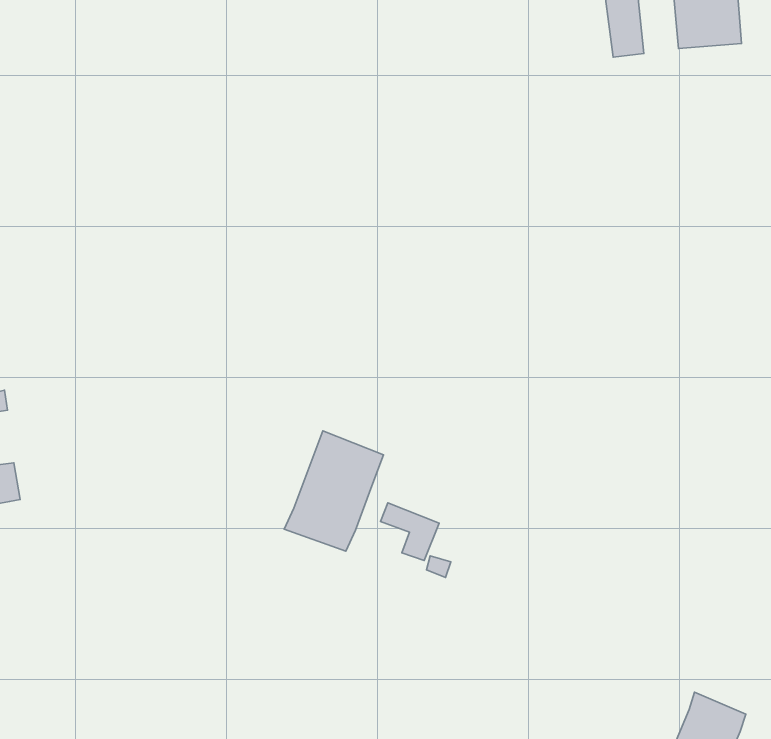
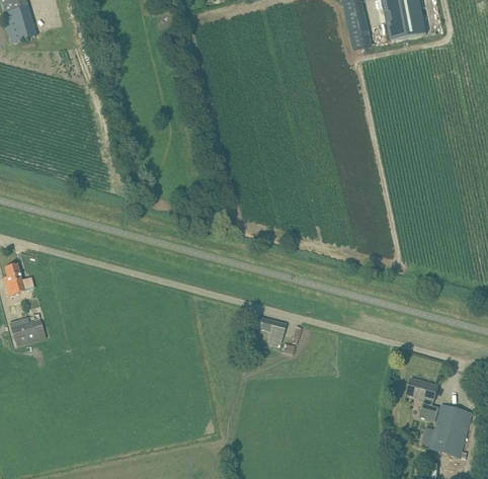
building: [284,431,383,551] -> none
building: none -> [405,377,438,420]

